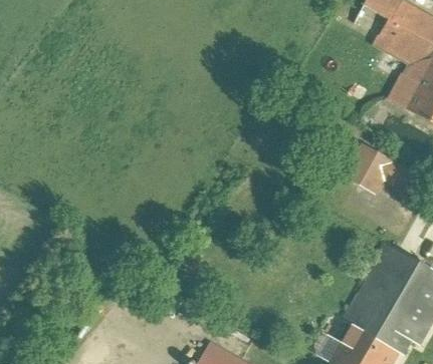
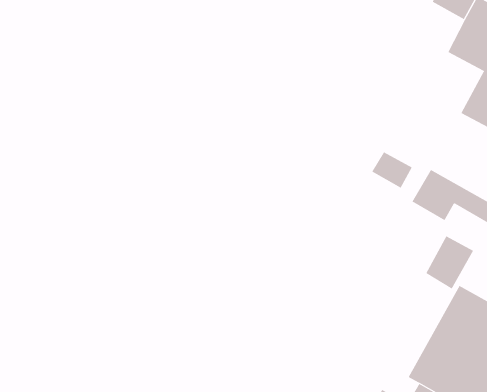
building: none -> [372,152,413,188]
building: none -> [425,235,474,289]

